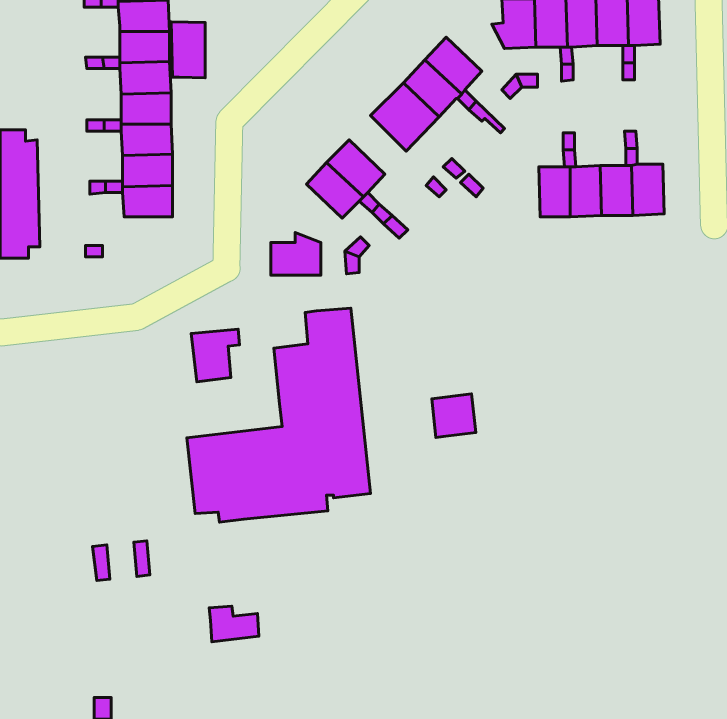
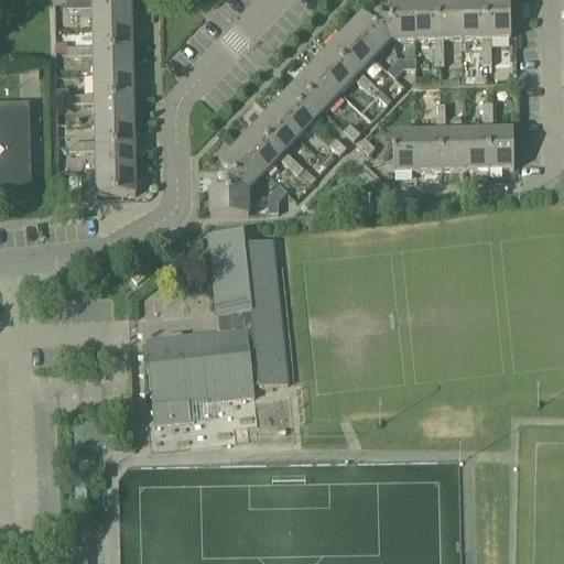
building: none -> [346,11,391,55]
building: [171,22,205,78] -> none
building: none -> [271,89,315,134]
building: none -> [393,129,419,169]
building: none -> [220,142,265,187]
building: none -> [97,167,135,193]
building: [191,329,240,382] -> [208,228,246,269]
building: [432,394,476,437] -> none
building: [209,606,259,642] -> [152,395,191,423]

